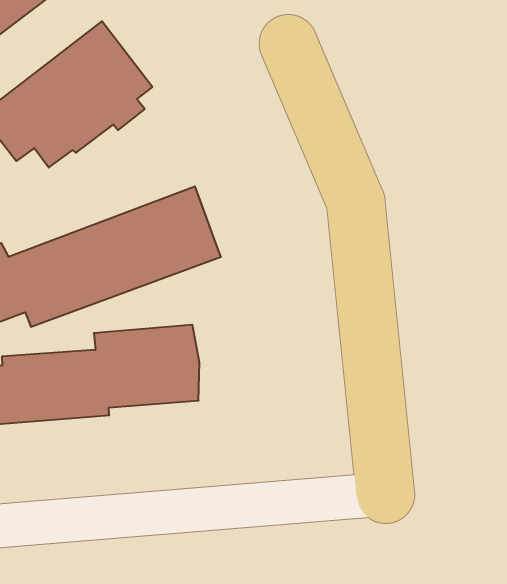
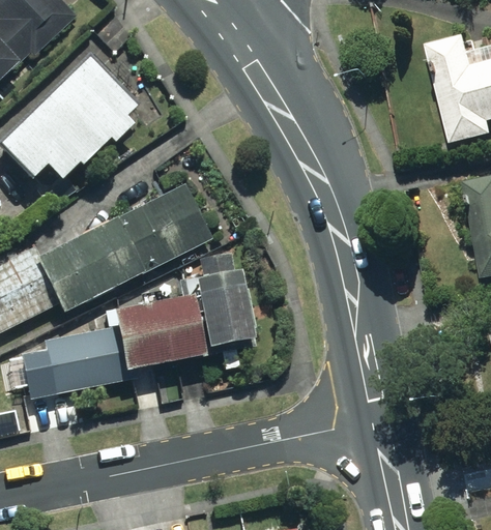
building: none -> [198,253,258,349]

